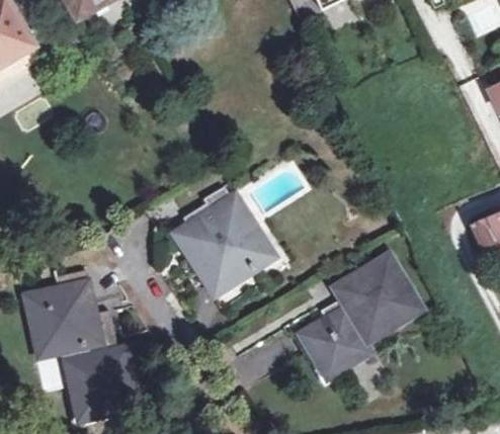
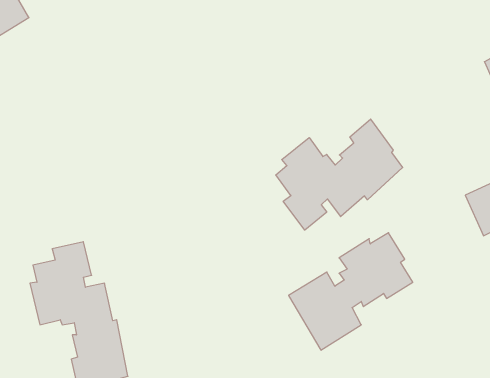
building: none -> [276,119,403,230]
building: [178,194,266,300] -> none

